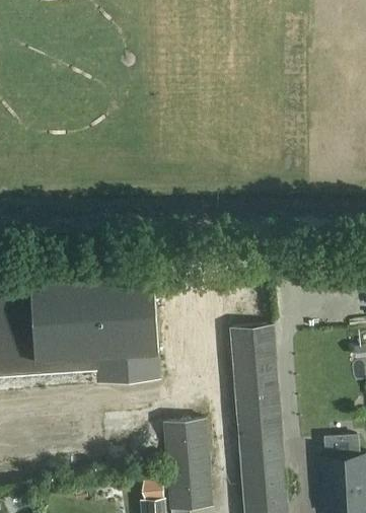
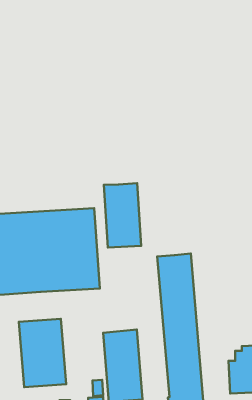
building: none -> [104,183,141,248]
building: none -> [19,319,66,387]

